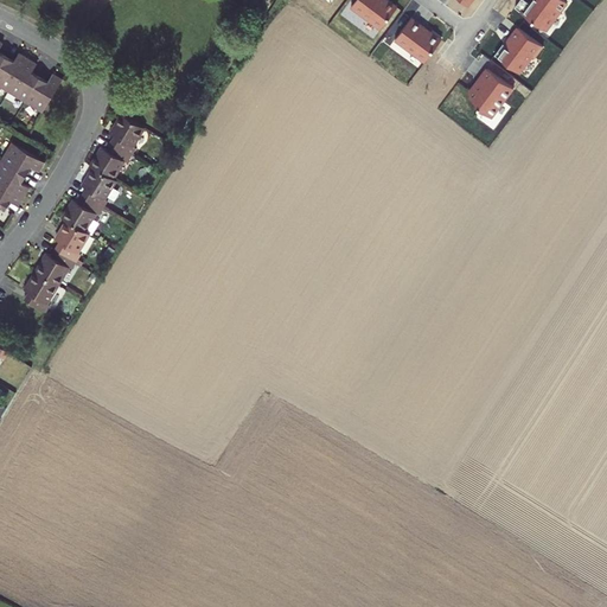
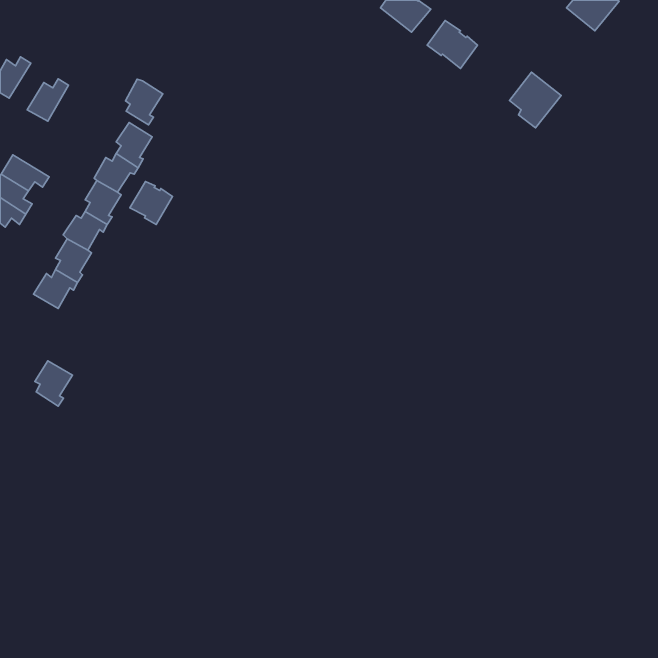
building: [496,27,545,77] -> none
building: [9,59,41,102] -> none
building: none -> [125,79,163,125]
building: none -> [130,182,173,225]
building: [20,271,55,313] -> [35,361,72,406]

